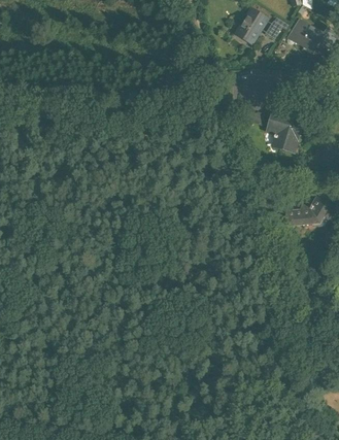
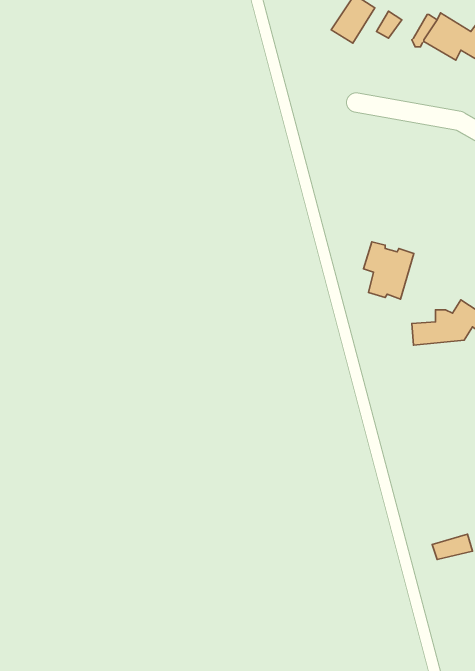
building: [270,111,301,146] -> [363,242,414,299]

